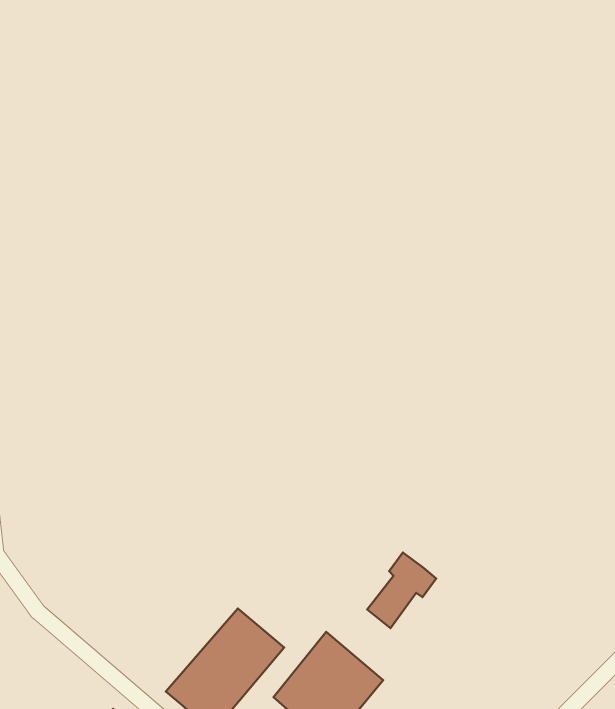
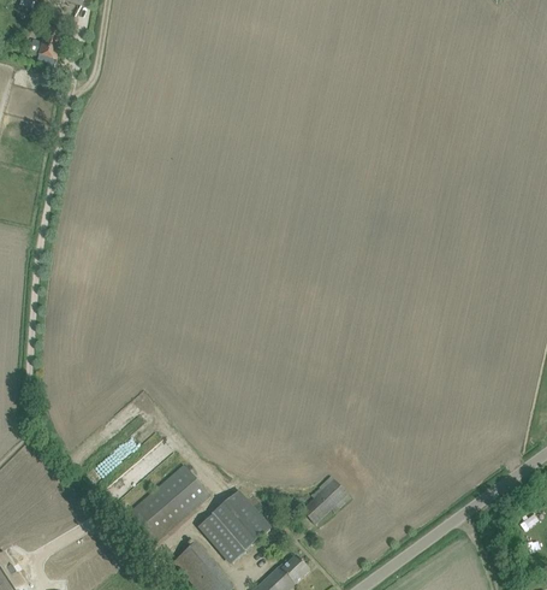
building: [367,552,436,628] -> [301,476,349,524]

